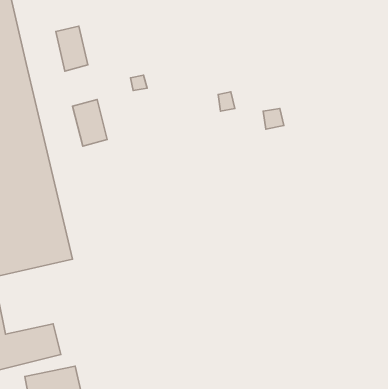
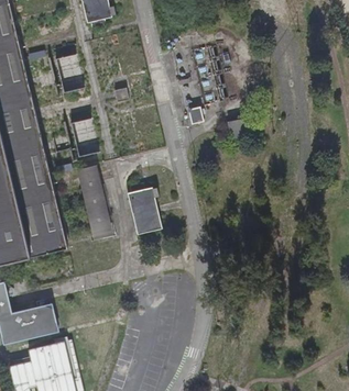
building: none -> [75,160,109,236]
building: none -> [127,182,162,236]

